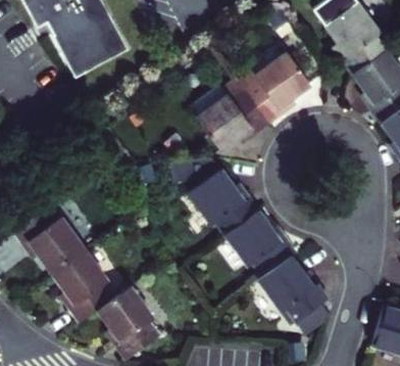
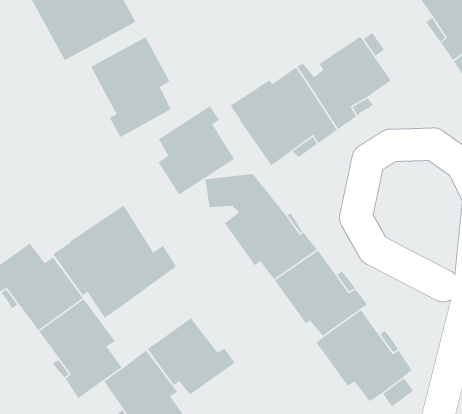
building: none -> [90,36,172,138]
building: none -> [157,105,235,195]
building: none -> [52,204,177,319]
building: none -> [147,317,236,395]

